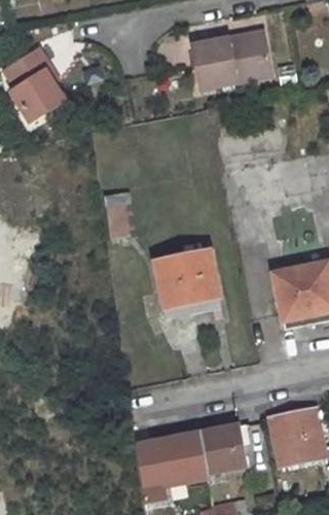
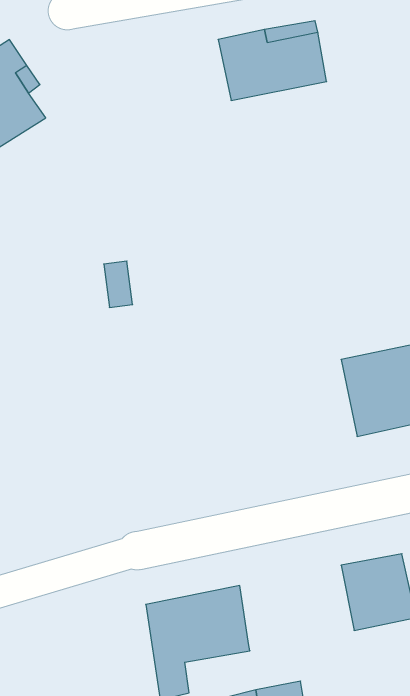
building: [154,249,220,317] -> none
building: [203,422,250,473] -> none

